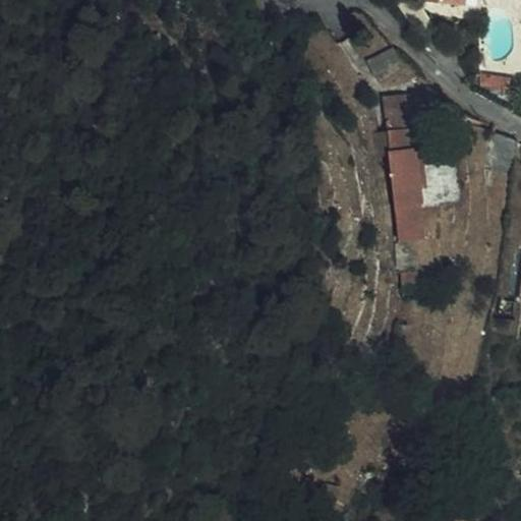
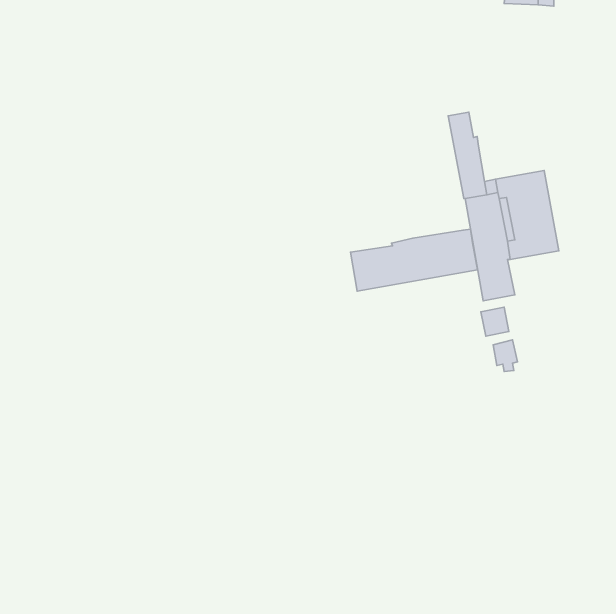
building: none -> [351,229,477,291]

